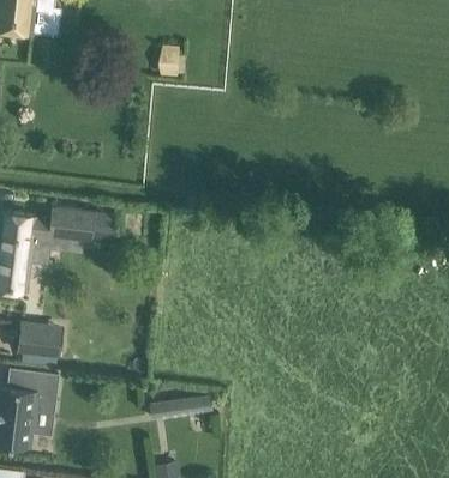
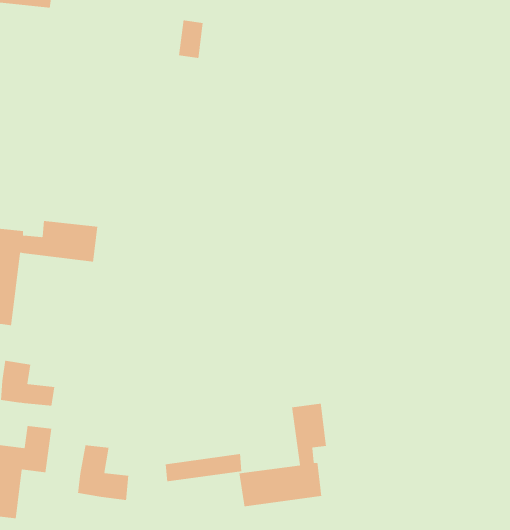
building: none -> [239,403,327,507]
building: none -> [77,444,129,501]

